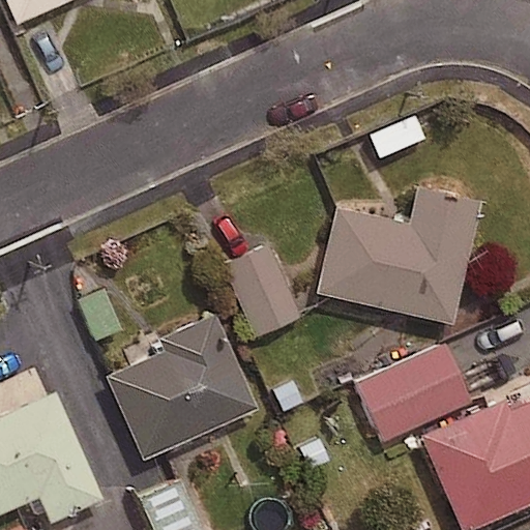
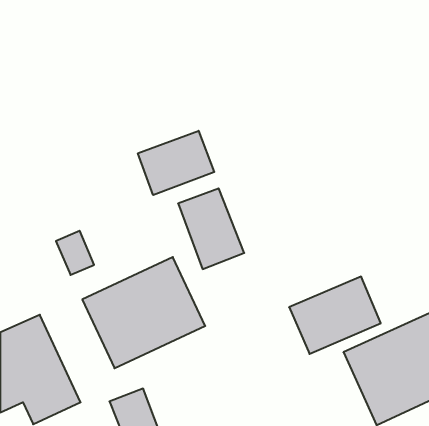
building: none -> [138,131,214,195]
building: [312,186,479,325] -> none

